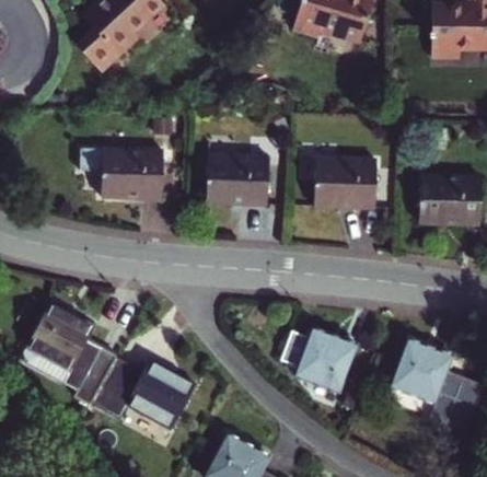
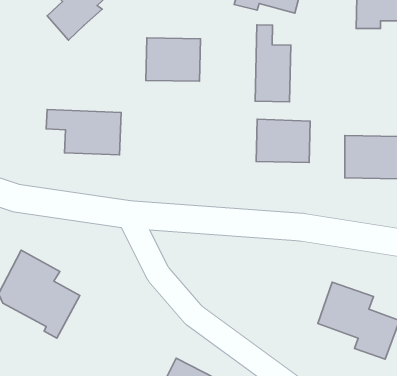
building: none -> [255,25,291,102]
building: [207,155,269,205] -> [146,38,201,81]
building: [278,335,353,397] -> none
building: [96,361,193,428] -> none

